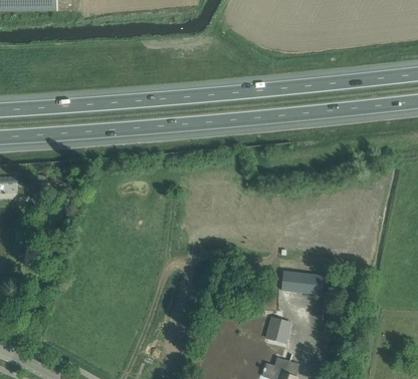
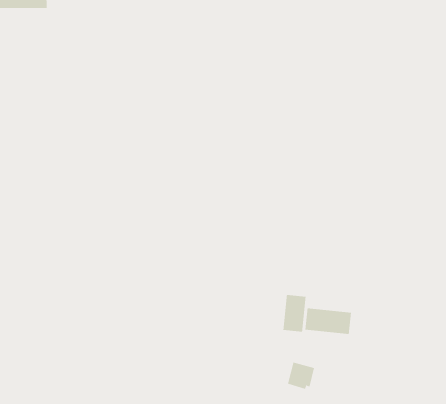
building: none -> [283,294,306,332]

